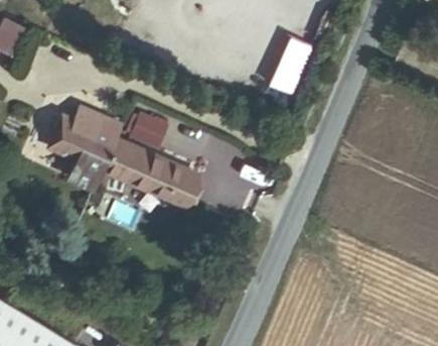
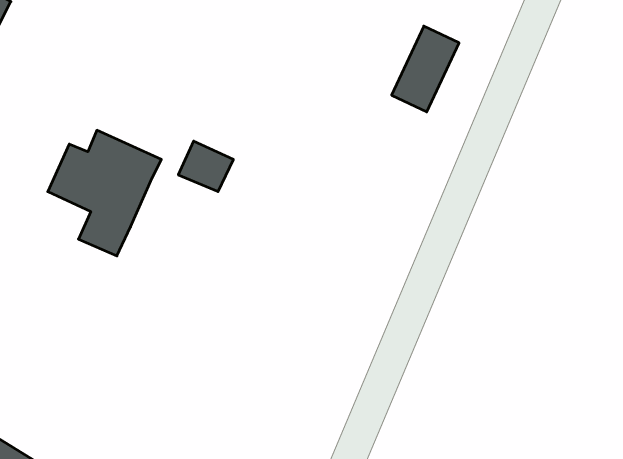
building: [99,138,194,207] -> none

